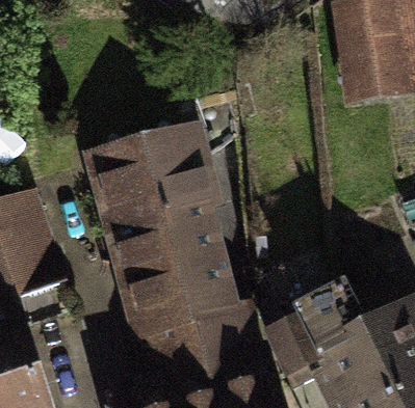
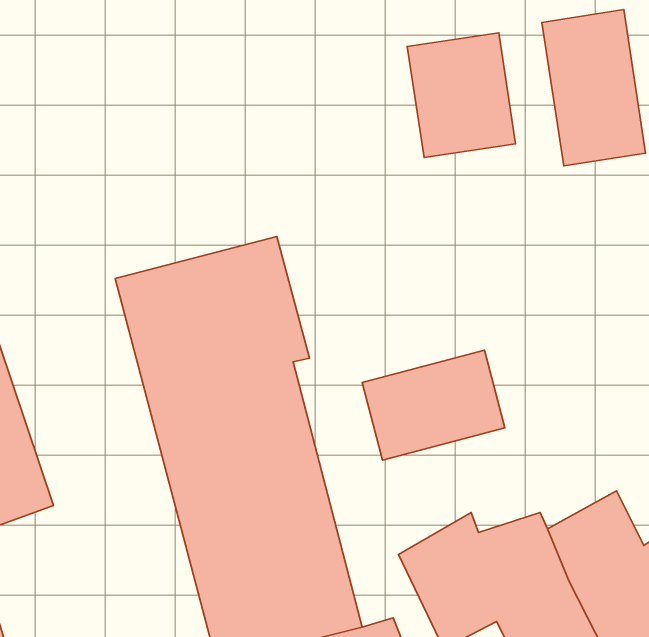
building: none -> [407,33,516,157]
building: none -> [362,350,505,460]

